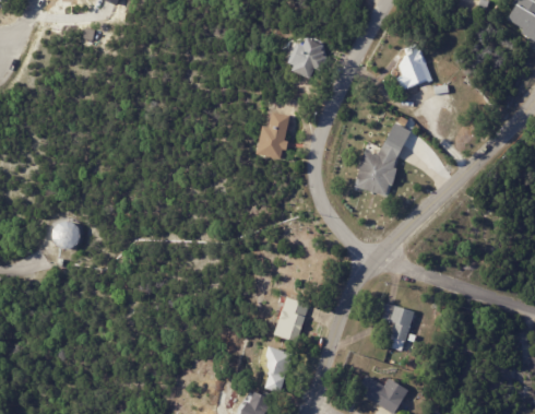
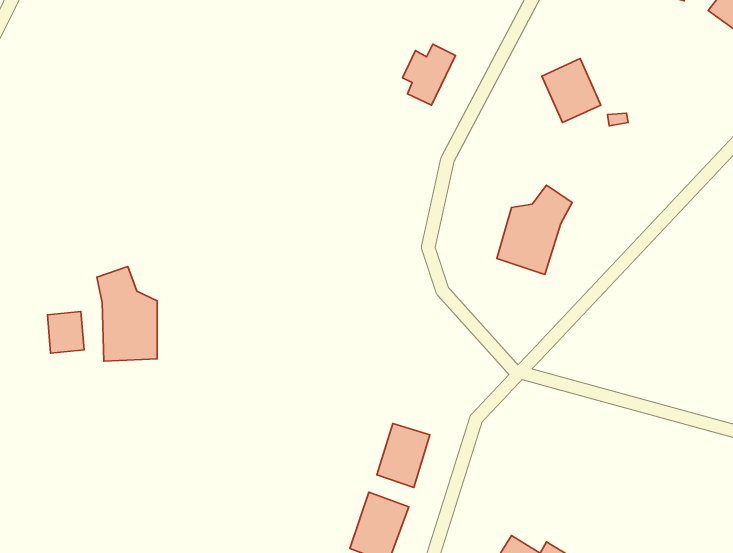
building: [259,114,295,161] -> none
building: none -> [97,267,157,361]
building: [378,303,416,341] -> none

